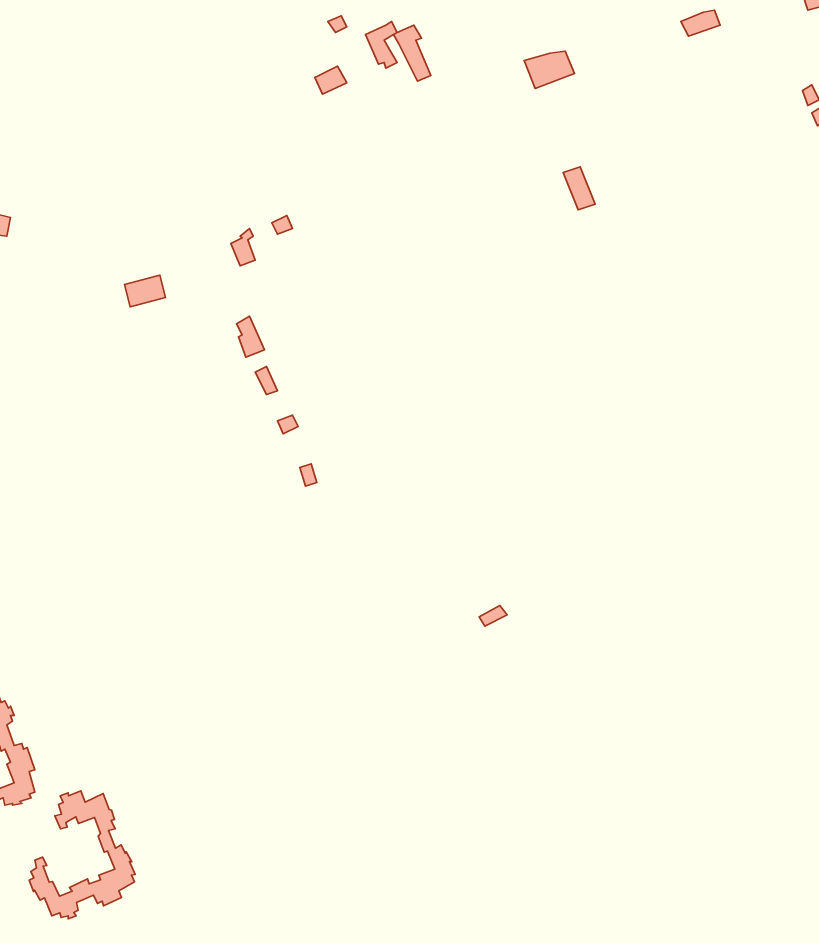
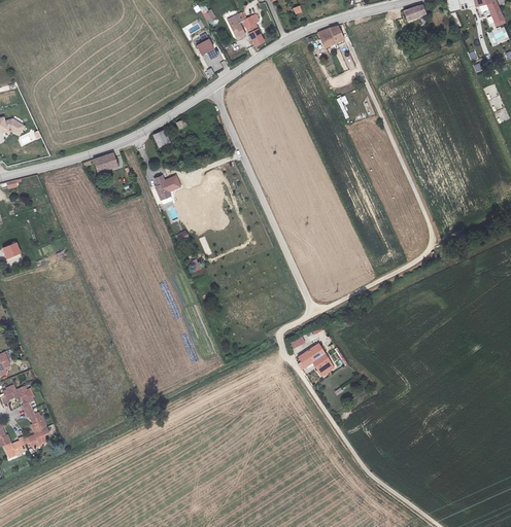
building: none -> [298,343,334,375]
building: [29,791,135,919] -> none

